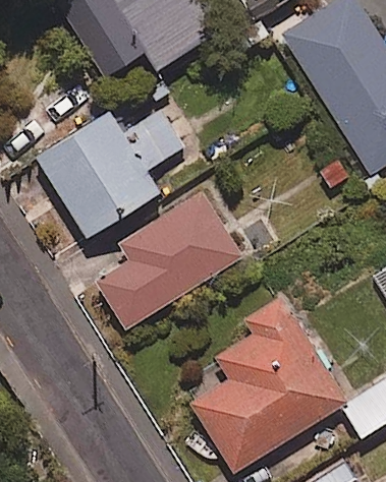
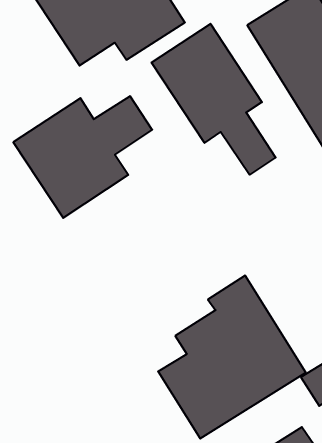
building: none -> [152,24,276,175]
building: [96,193,242,329] -> none

